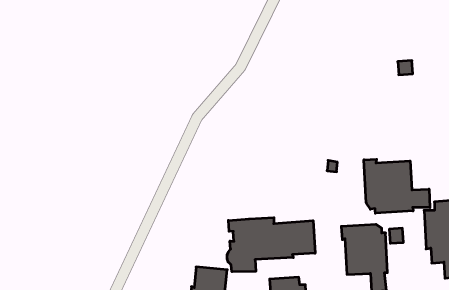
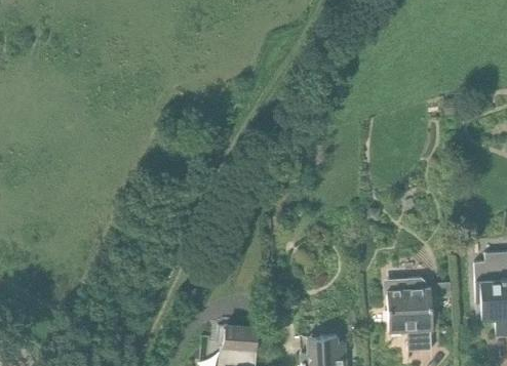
building: [364,159,430,213] -> none
building: [227,218,315,272] -> none

